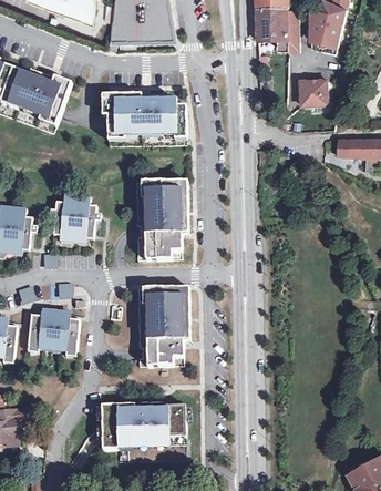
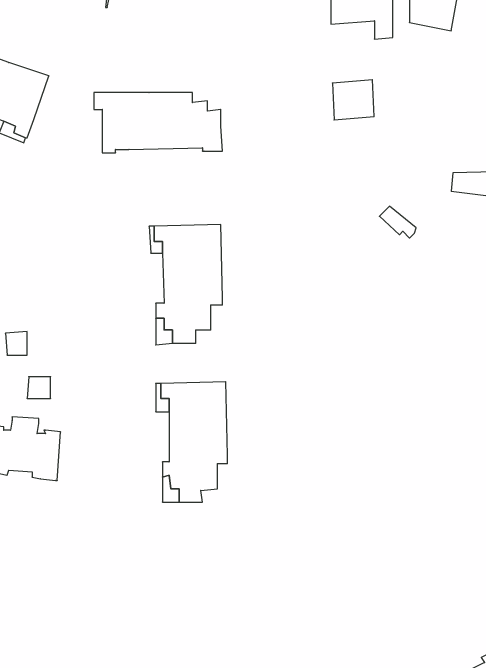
building: [301,85,329,112] -> [332,80,374,120]
building: [52,193,96,237] -> none
building: [97,405,181,450] -> none

